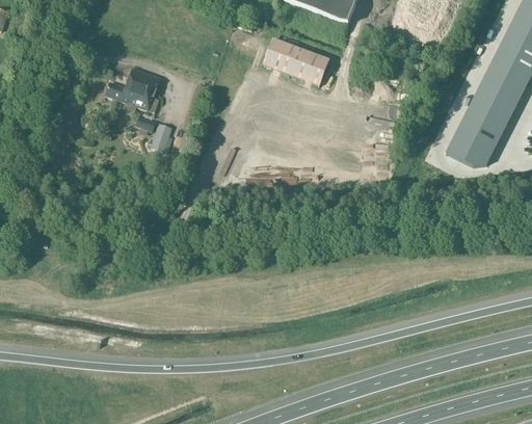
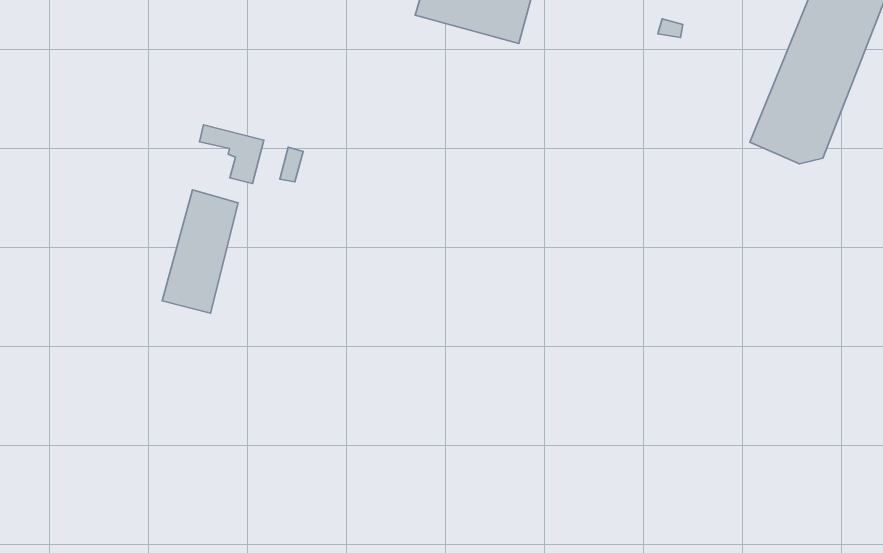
building: [104,67,160,109] -> none
building: none -> [162,190,238,313]

